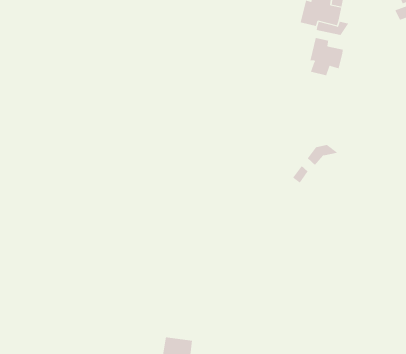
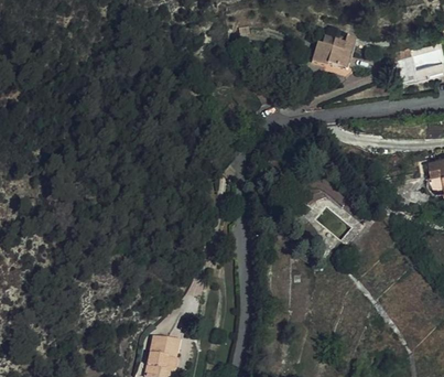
building: [310,37,343,76] -> none

